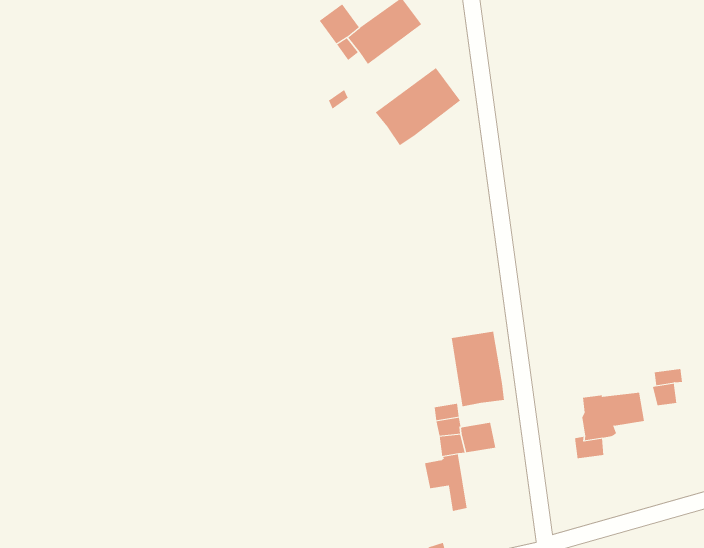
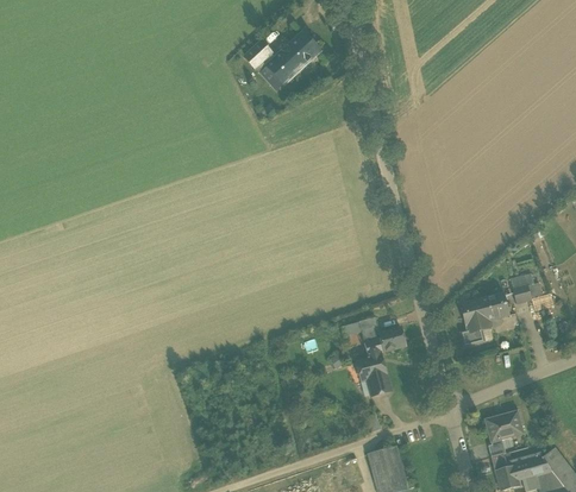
building: [375,67,461,146] -> none
building: [451,331,504,407] -> none

